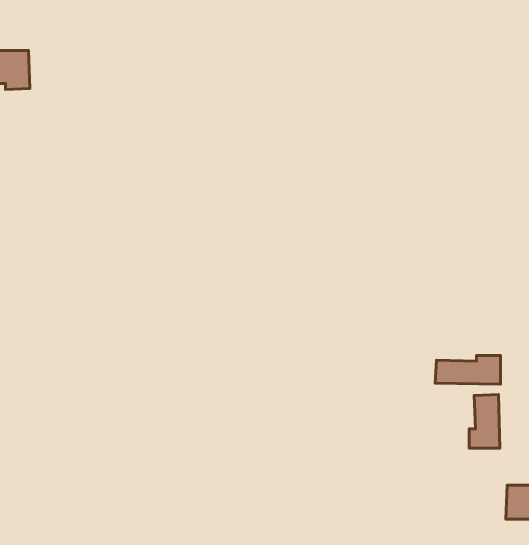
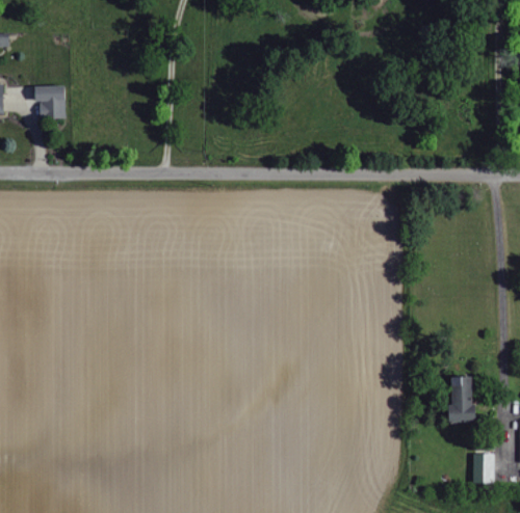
building: [435,355,500,384] -> none

